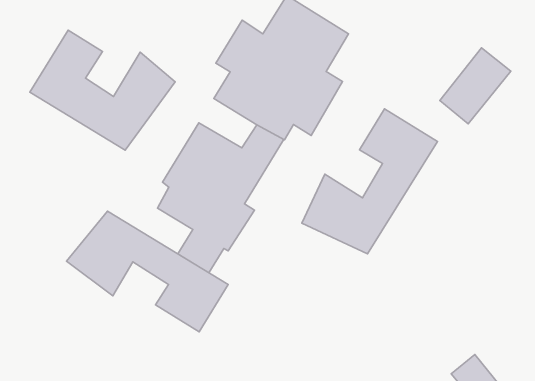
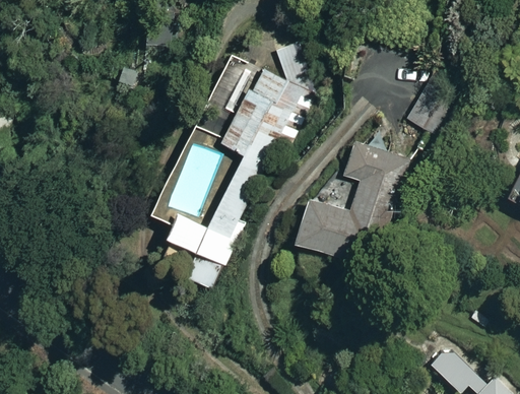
building: [30,30,175,150] -> none
building: [67,211,228,332] -> none

